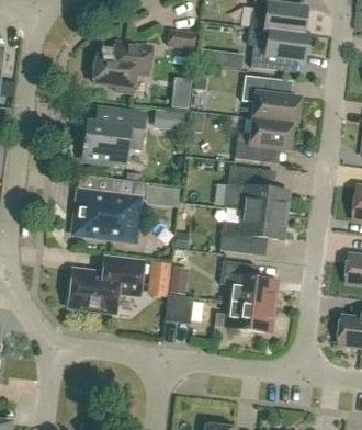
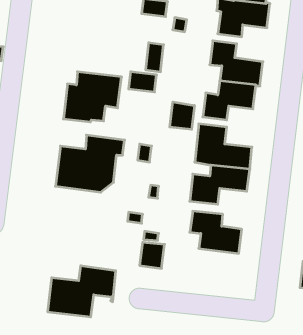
building: [94,42,151,91] -> none
building: none -> [170,102,194,129]
building: [69,256,144,312] -> [48,266,116,317]
building: [215,301,274,332] -> none

